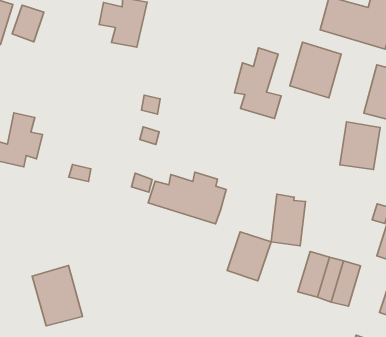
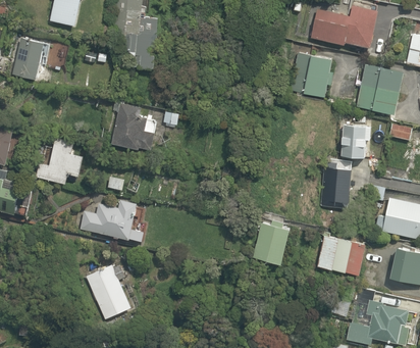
building: [234,48,281,118] -> none
building: none -> [114,101,154,149]
building: [148,172,226,224] -> [80,198,146,241]
building: [271,194,306,246] -> [322,164,349,207]

